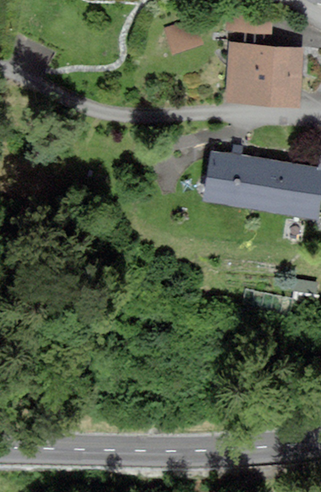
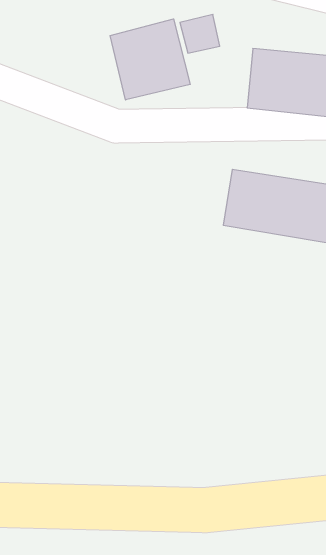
building: none -> [110,19,190,100]

